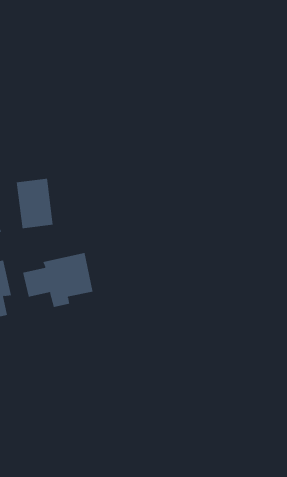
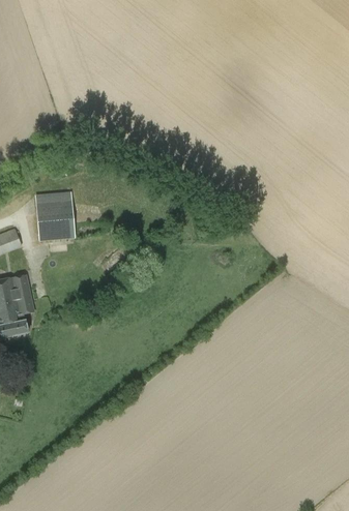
building: [23,252,93,308] -> none

